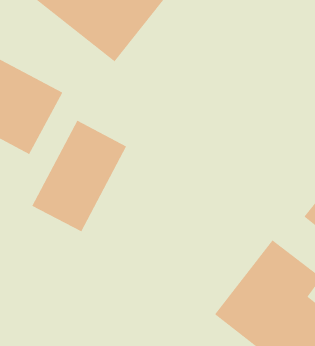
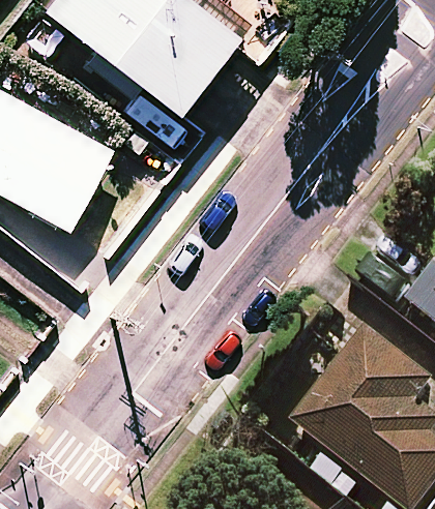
building: [31,120,127,232] -> none

